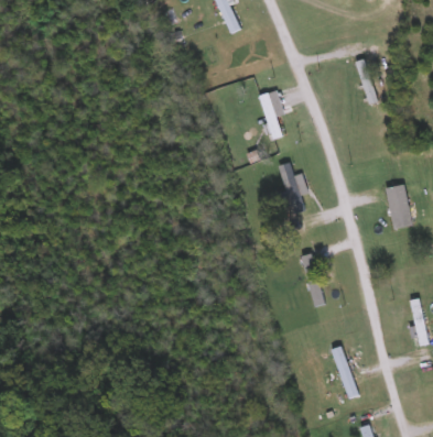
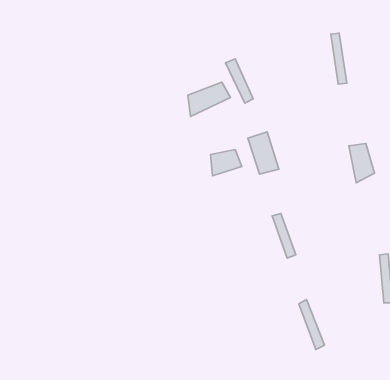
building: none -> [188,82,231,116]
building: none -> [211,150,242,176]

